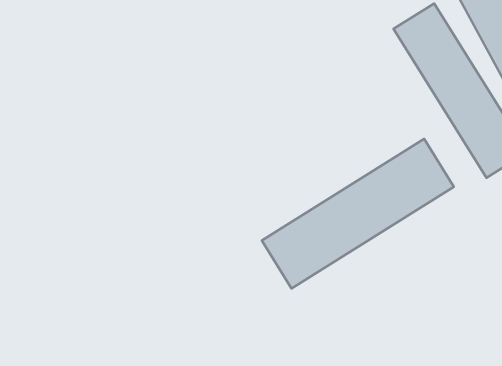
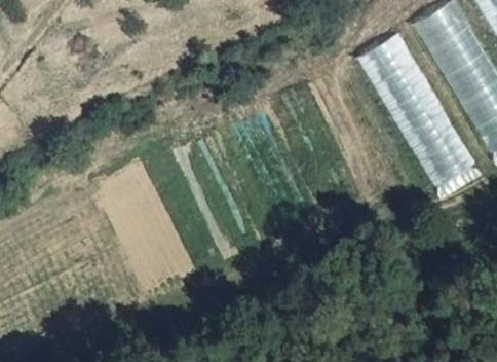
building: [262,139,454,288] -> none

